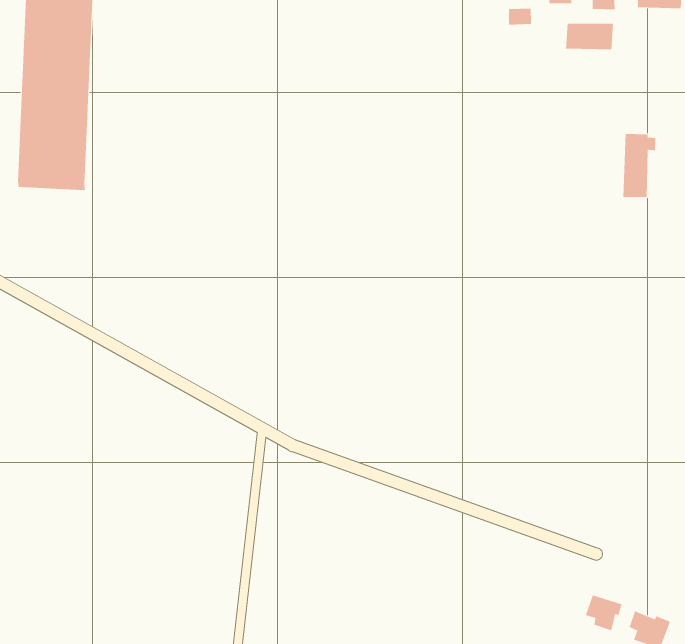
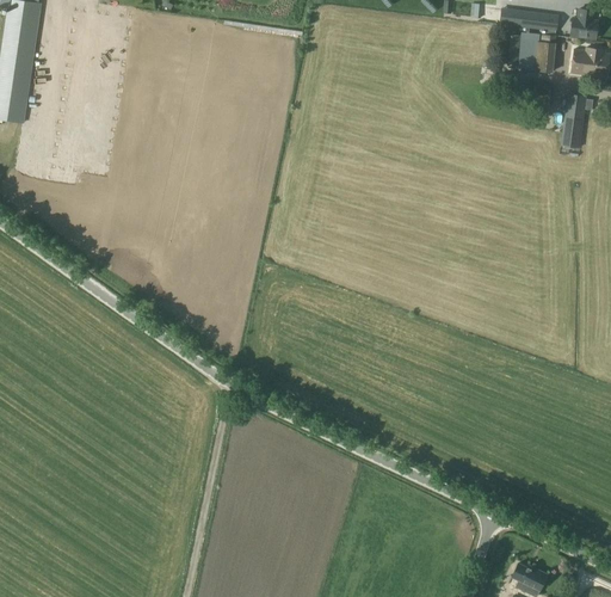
building: [622,134,656,197] -> [560,93,592,147]
building: [585,595,622,631] -> none

